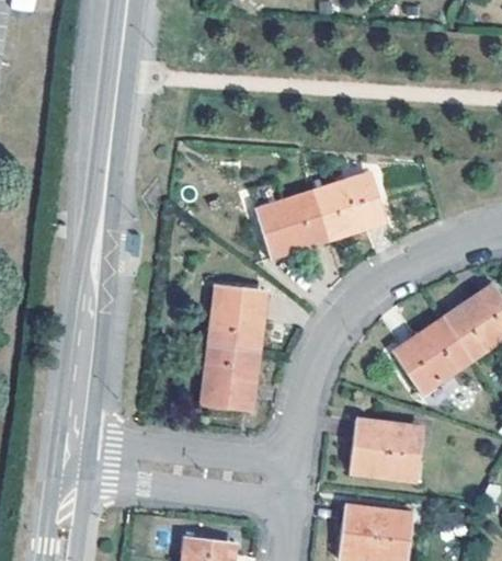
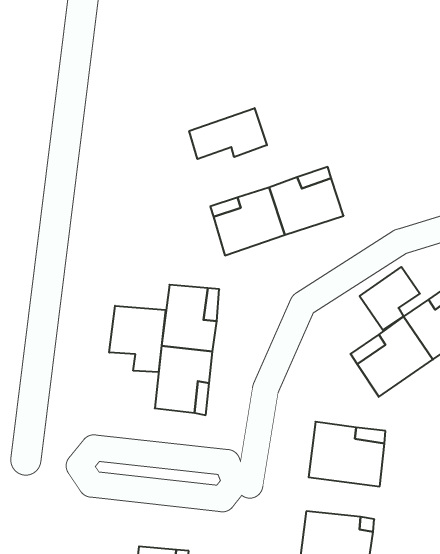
building: none -> [189,108,267,159]
building: none -> [360,267,420,330]
building: none -> [109,306,166,372]

